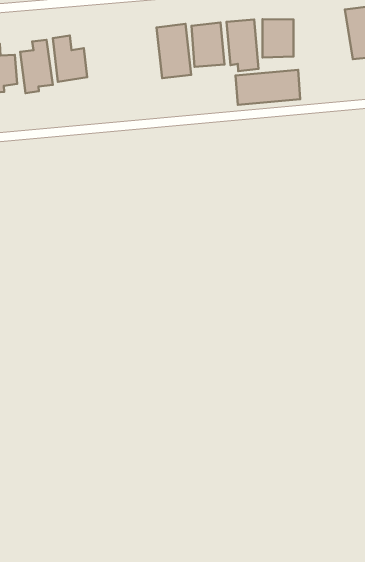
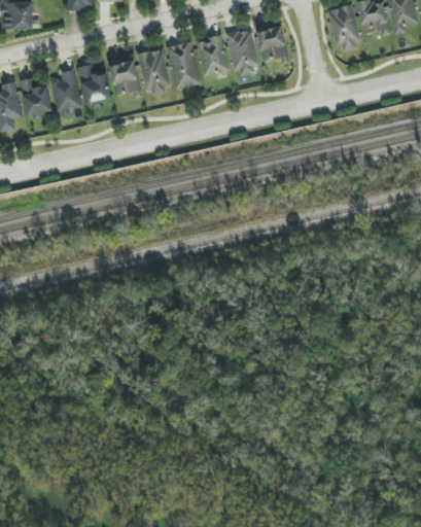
building: none -> [138,48,170,97]
building: none -> [108,59,140,95]
building: [235,70,300,105] -> none

